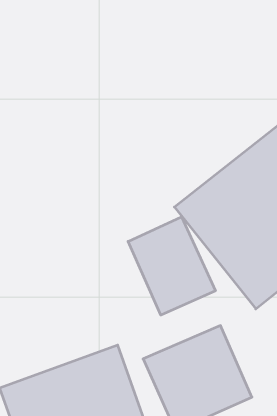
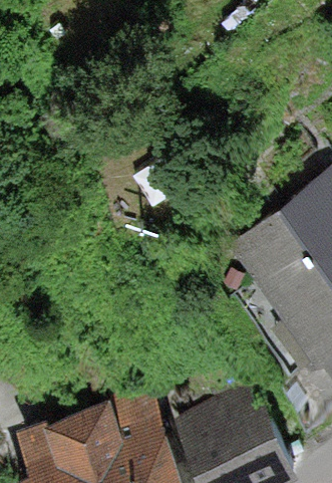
building: [128,217,215,315] -> none

